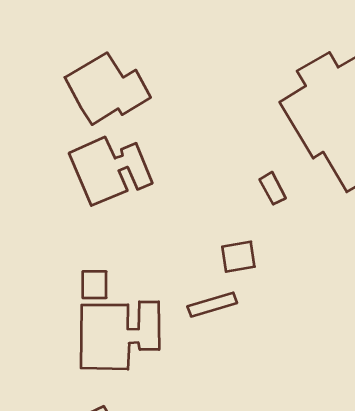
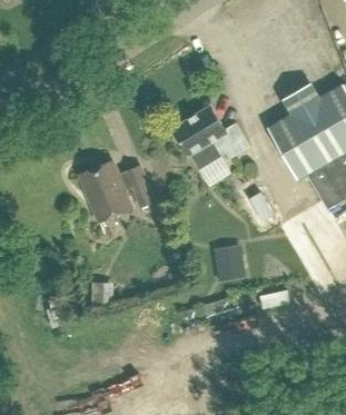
building: [65,53,151,125] -> [174,107,250,171]
building: [81,302,159,369] -> none

